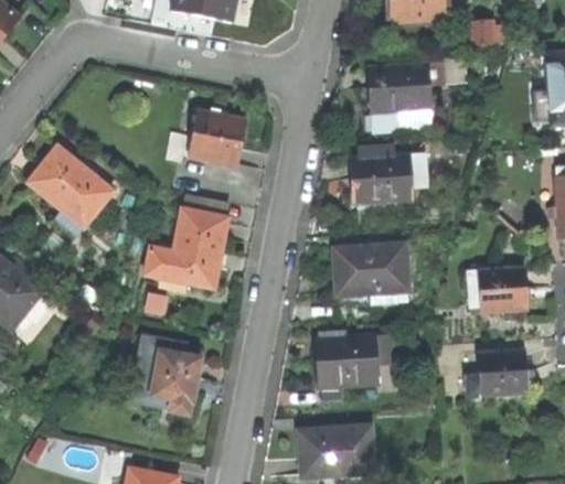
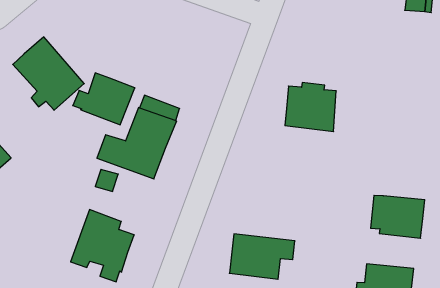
building: [370,64,430,115] -> none
building: [179,112,247,168] -> [73,73,135,125]
building: [333,244,408,304] -> none

